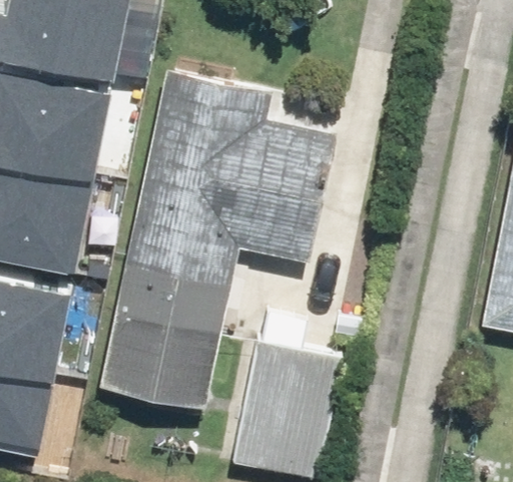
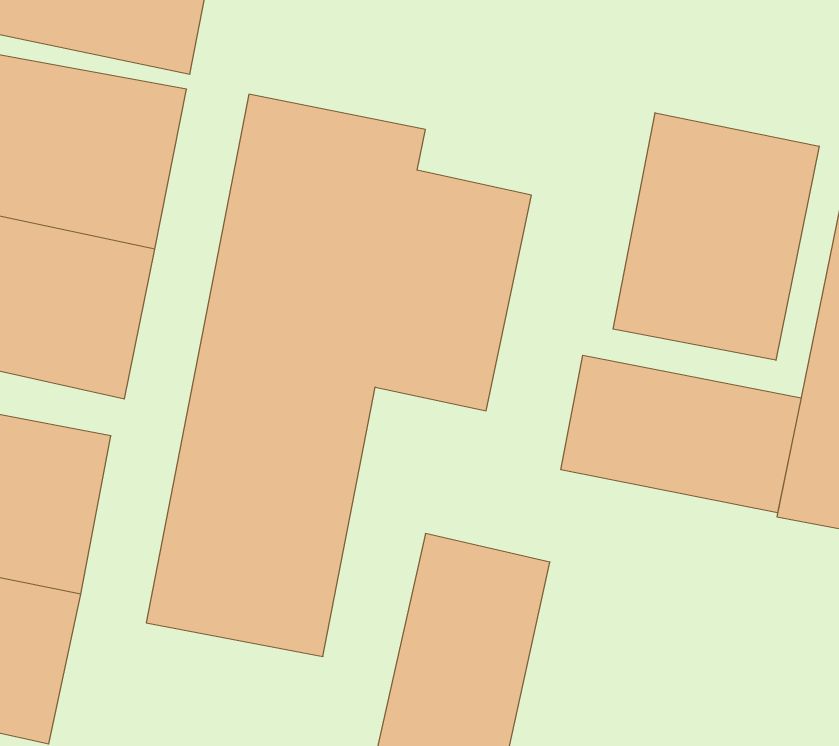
building: none -> [613,113,819,360]
building: none -> [561,355,801,513]

